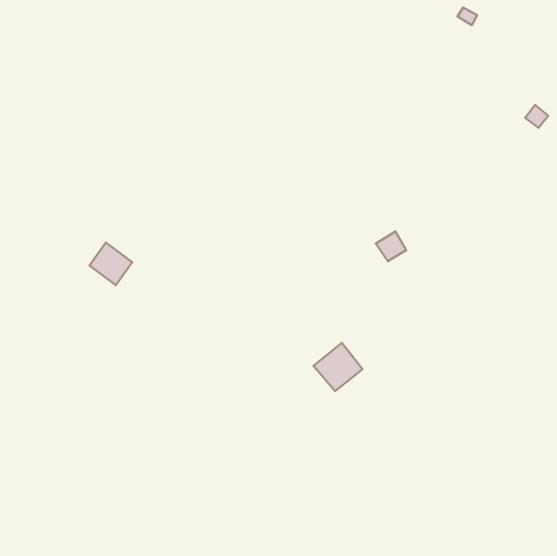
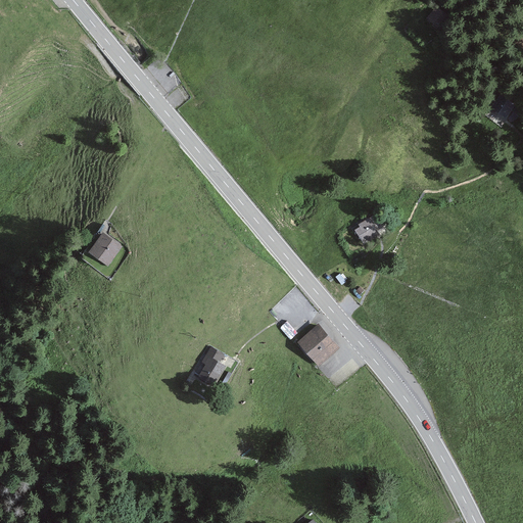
building: none -> [196,352,226,383]

